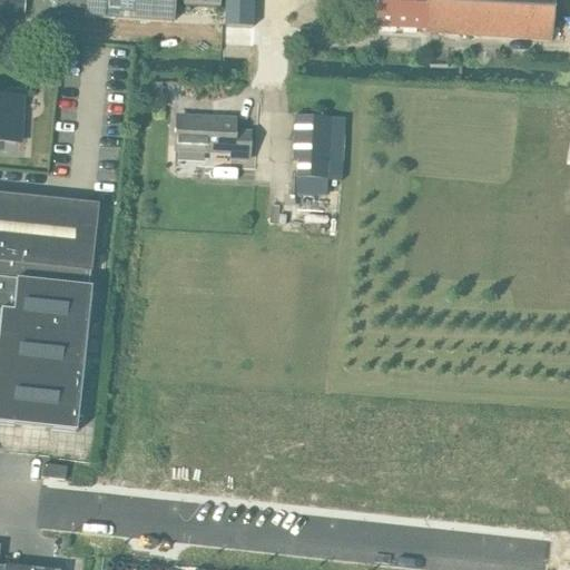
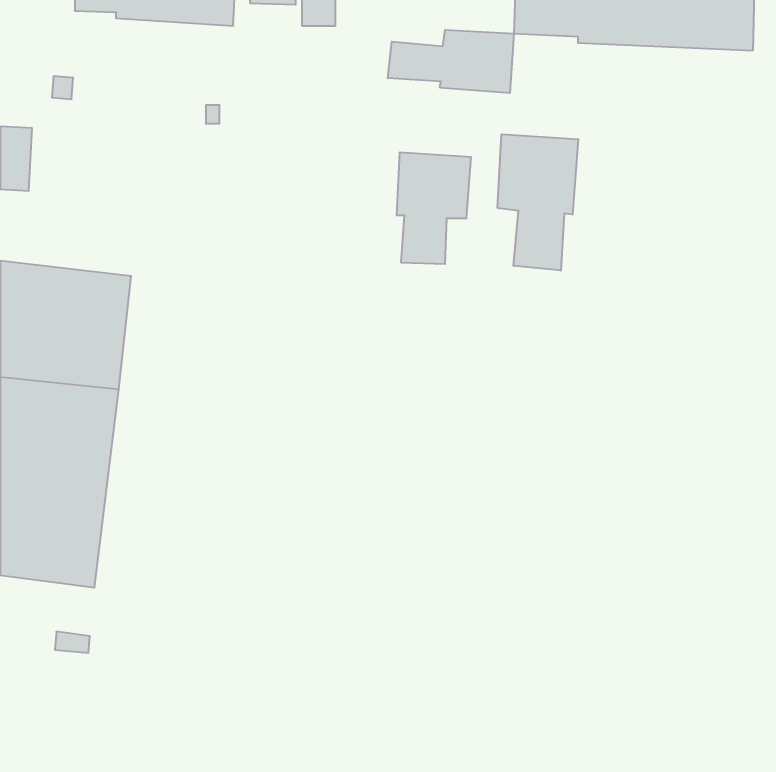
building: none -> [388,30,514,93]
building: none -> [498,134,578,271]
building: [175,112,250,156] -> none

